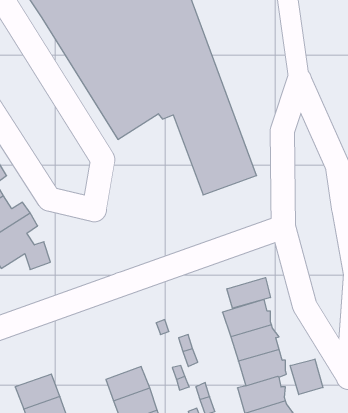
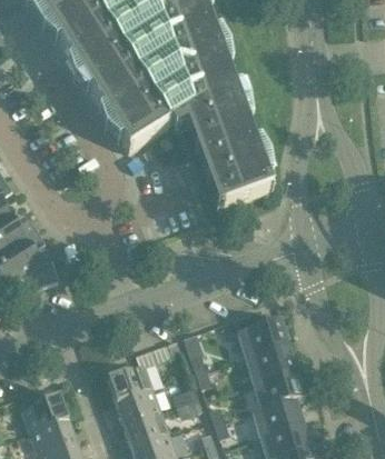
building: [227,278,270,308] -> none
building: none -> [106,361,151,398]
building: [290,359,323,395] -> none

